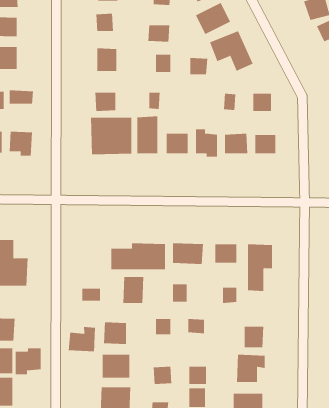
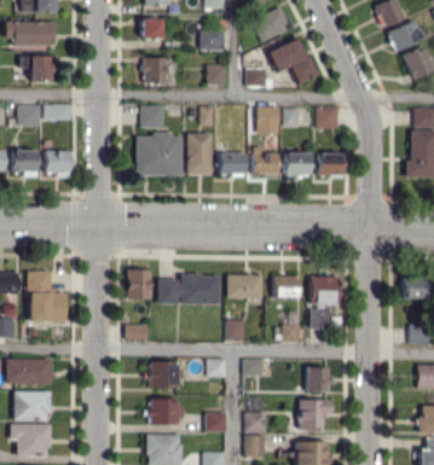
building: none -> [257,106,279,134]
building: [123,277,144,304] -> [127,269,151,300]
building: [68,326,95,352] -> none
building: [15,348,41,375] -> none

